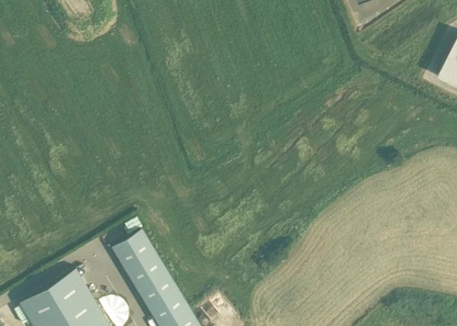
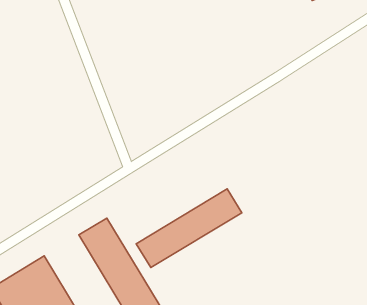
building: none -> [136,189,242,268]

